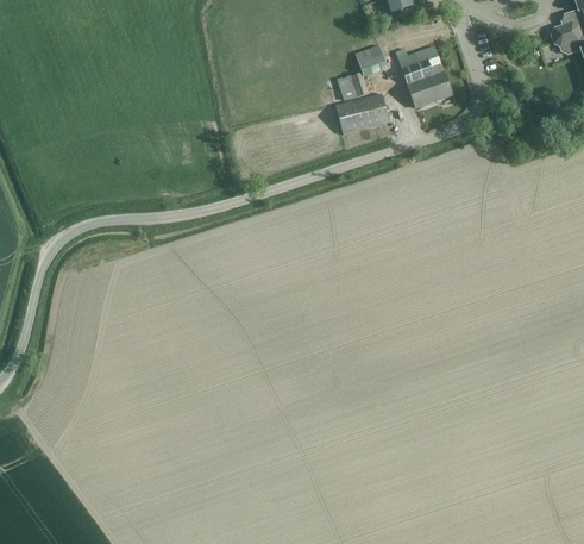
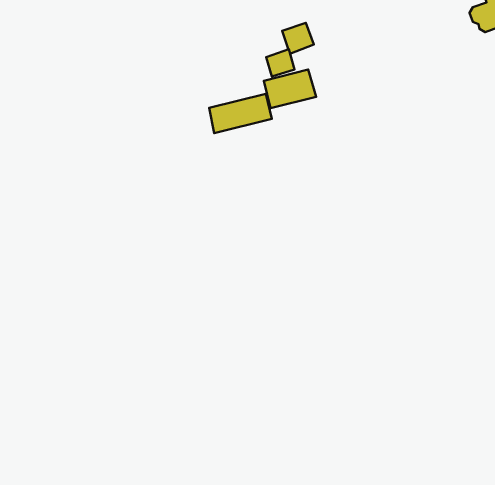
building: [395,45,452,107] -> none
building: none -> [209,94,272,133]

